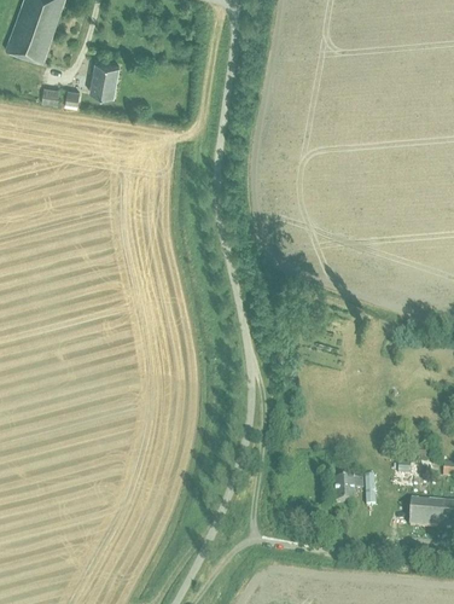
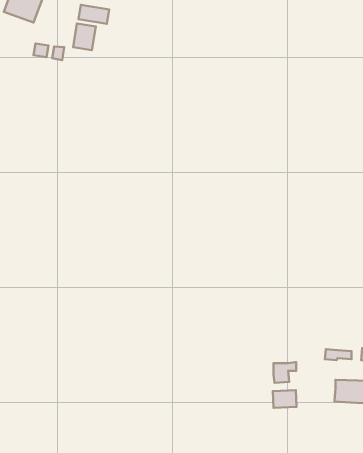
building: none -> [78,5,109,24]
building: none -> [273,390,297,408]

